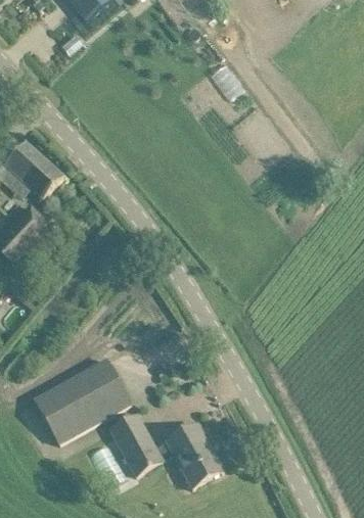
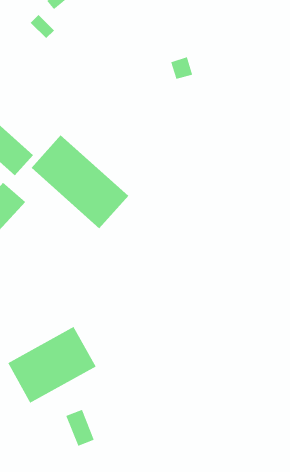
building: none -> [31,134,129,229]
building: [109,413,223,486] -> none

